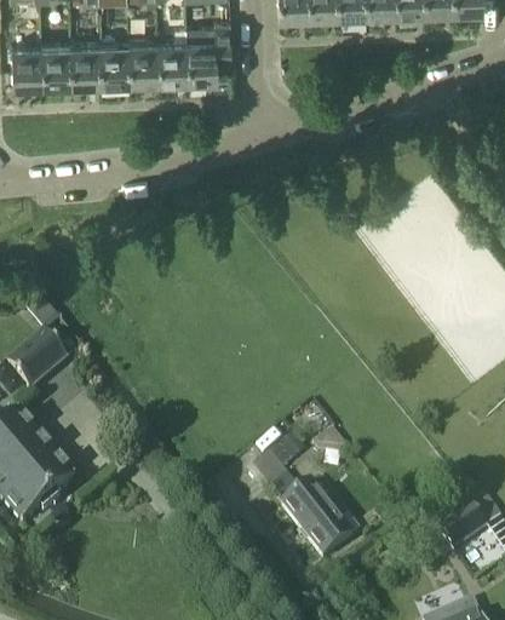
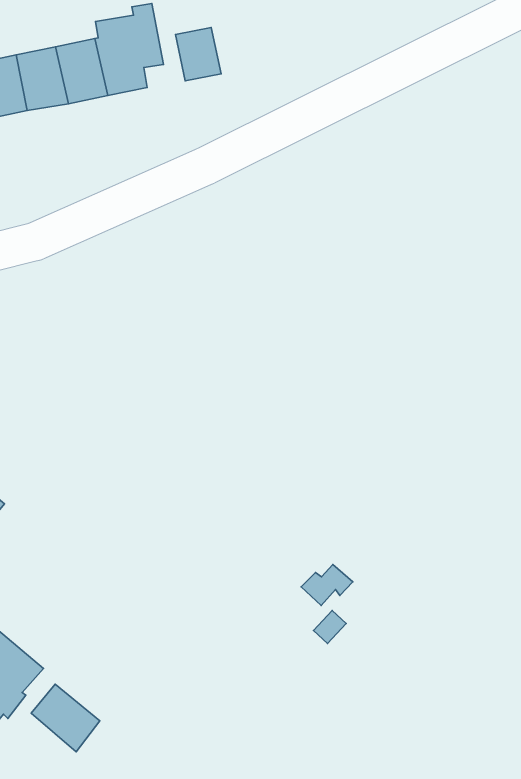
building: none -> [176,27,221,81]
building: [283,483,355,559] -> none
building: none -> [31,684,100,752]

